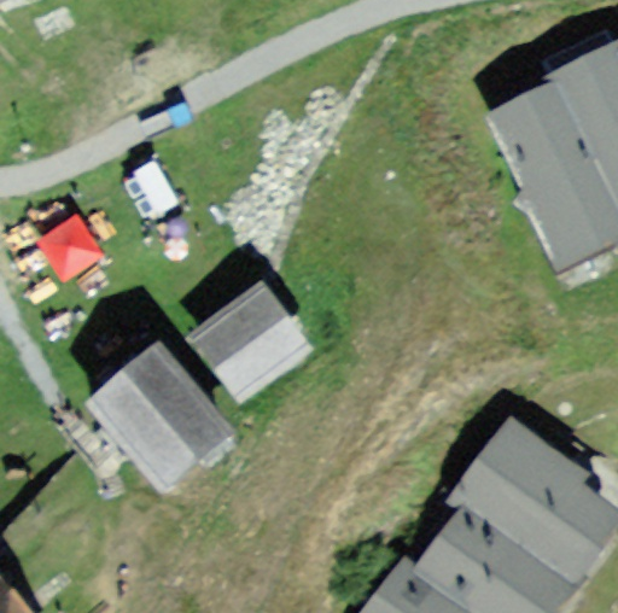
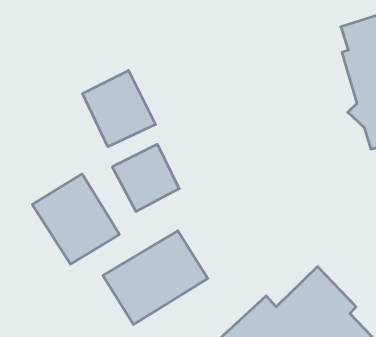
building: none -> [83,70,156,147]
building: none -> [103,231,208,324]

